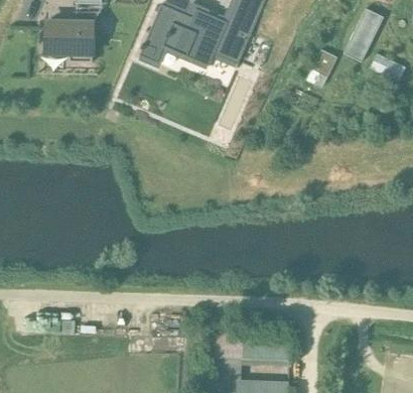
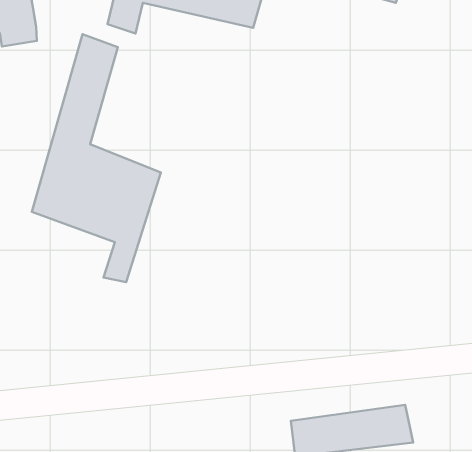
building: none -> [32,34,161,282]

